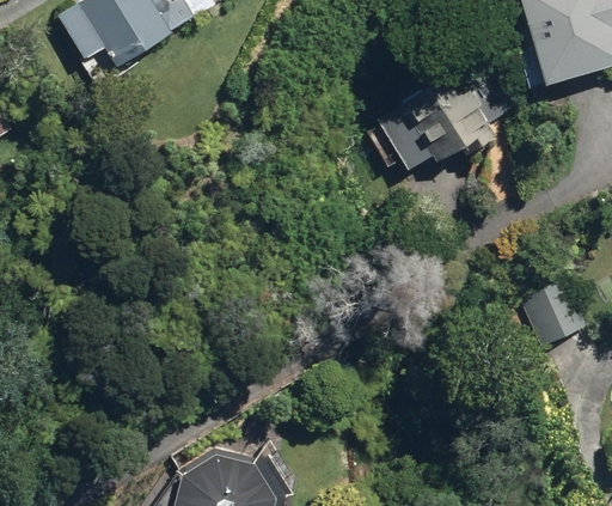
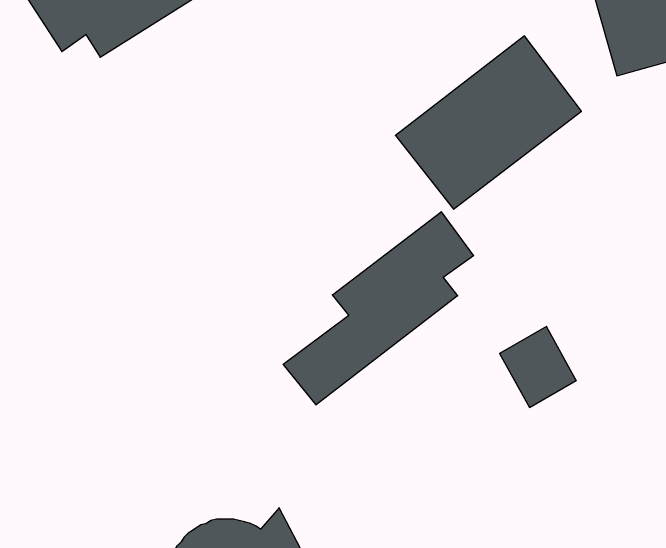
building: none -> [283,212,474,405]
building: [518,280,582,348] -> [500,326,576,407]

